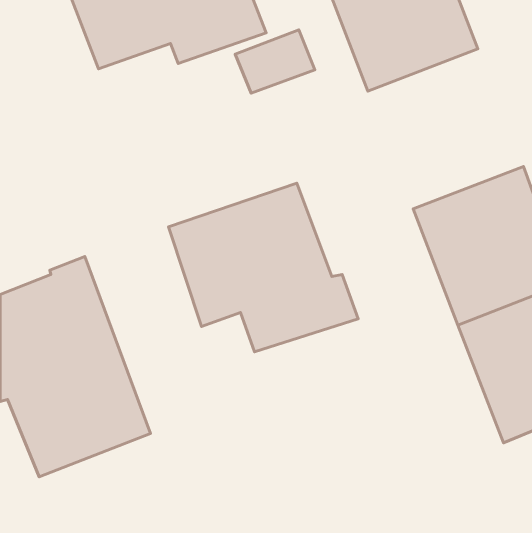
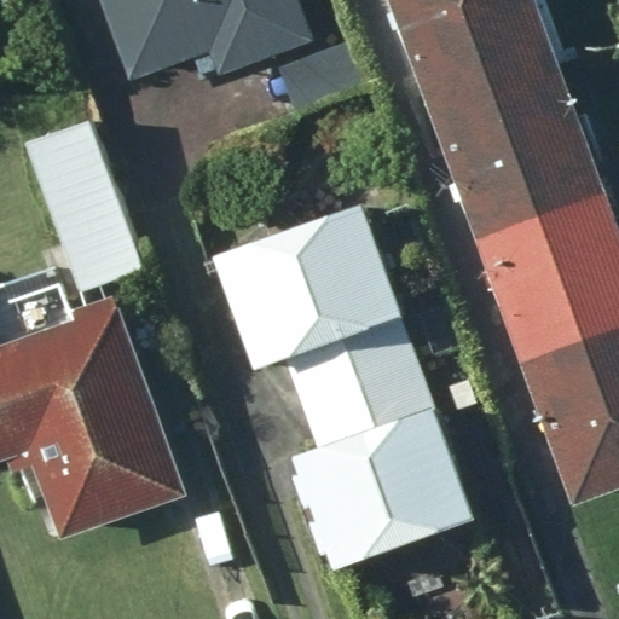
building: none -> [430,56,608,238]
building: none -> [18,118,145,290]
building: none -> [280,364,461,571]

